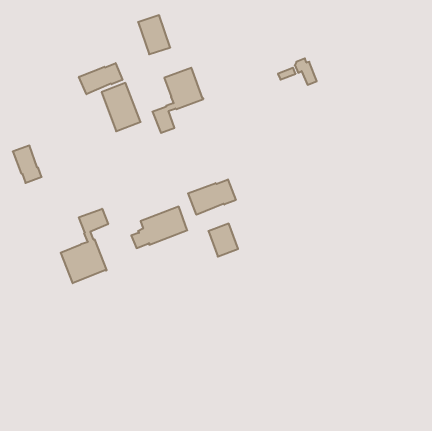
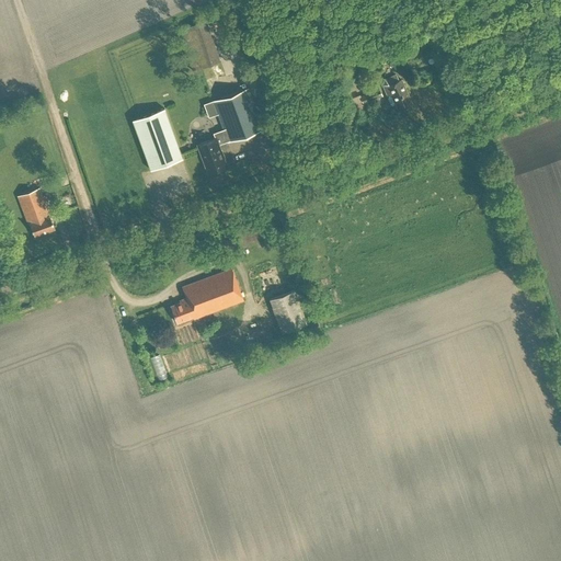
building: [79,63,122,94] -> none
building: [188,179,236,215] -> none
building: [61,209,108,283] -> none

